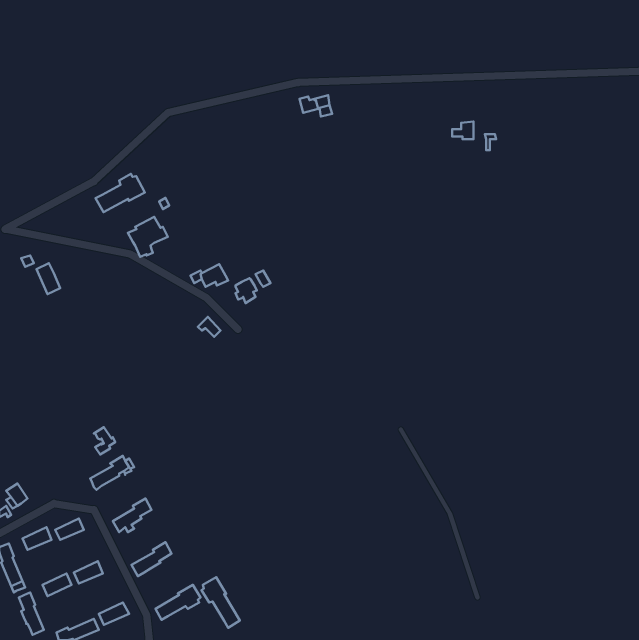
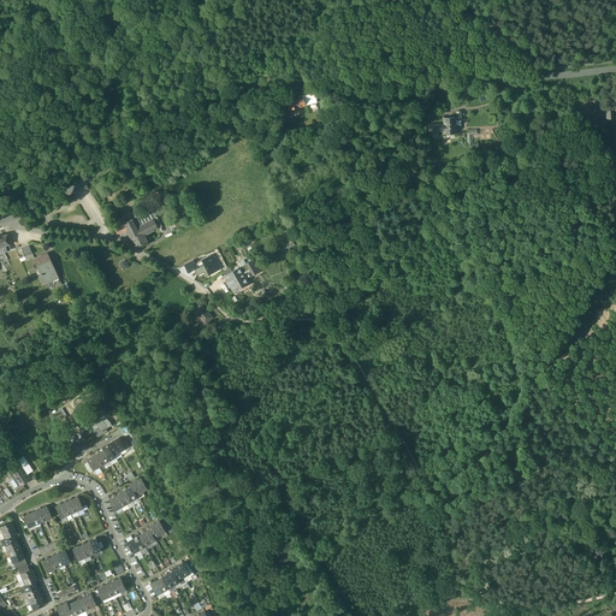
building: [96,174,145,212] -> none
building: [202,577,240,628] -> none

